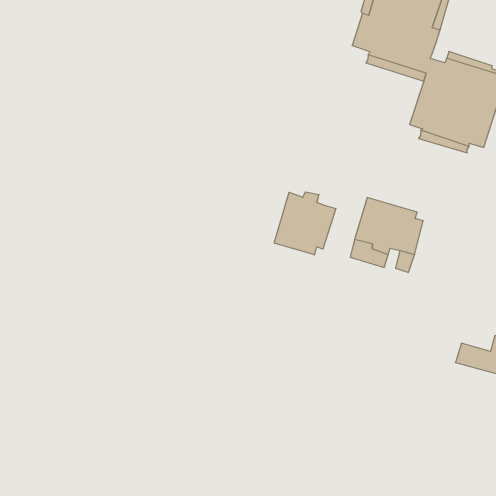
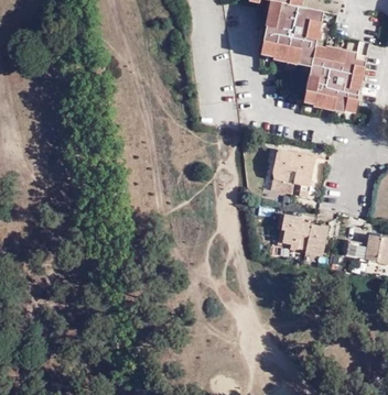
building: [274,192,336,255] -> none
building: none -> [280,215,330,255]

